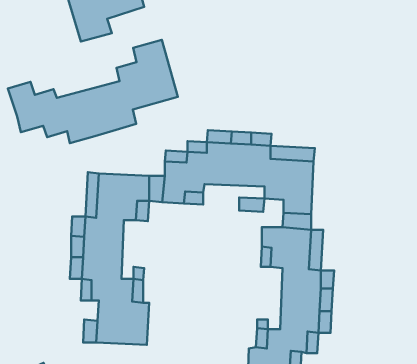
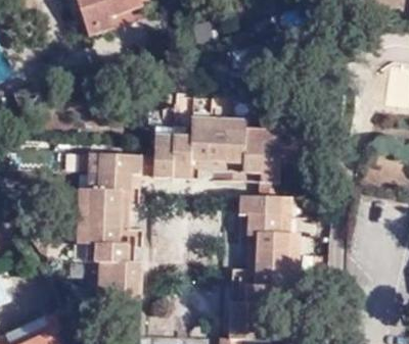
building: [8,40,178,143] -> none

